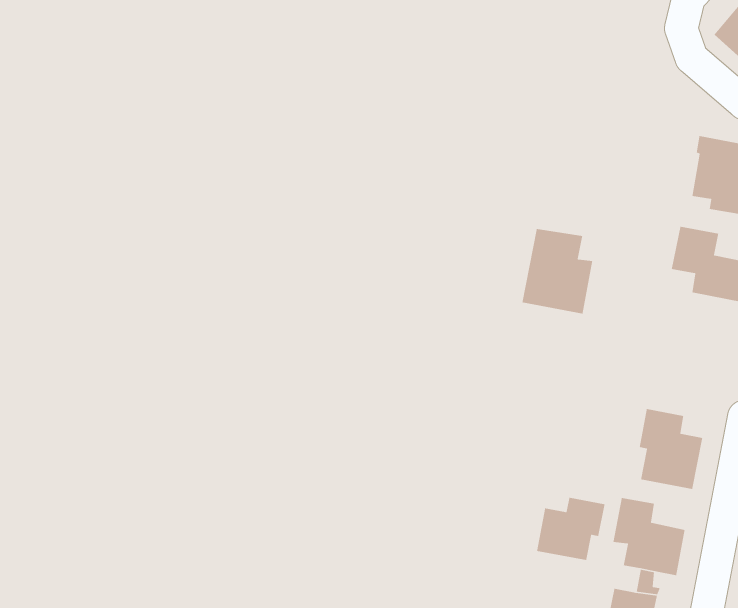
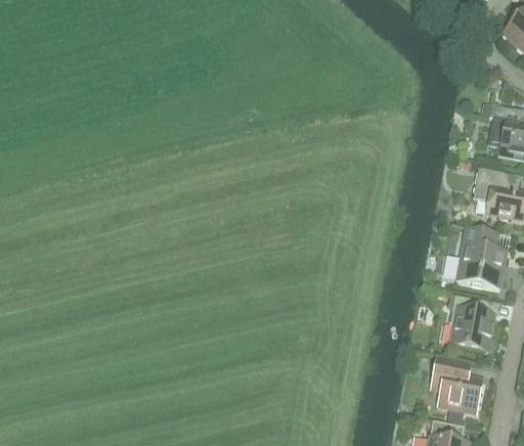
building: [522,228,593,314] -> [456,227,507,287]
building: [536,497,605,561] -> none

